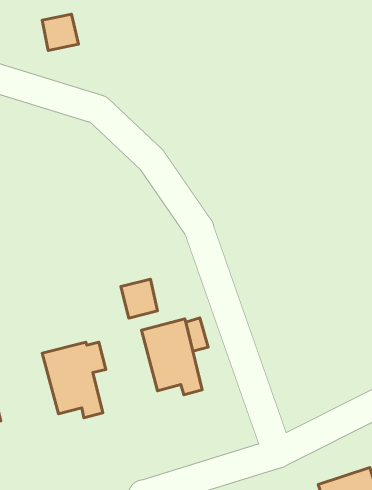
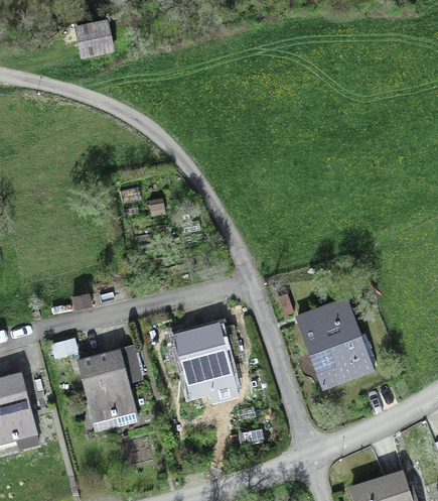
building: [121,279,158,318] -> none
building: none -> [297,296,374,389]

